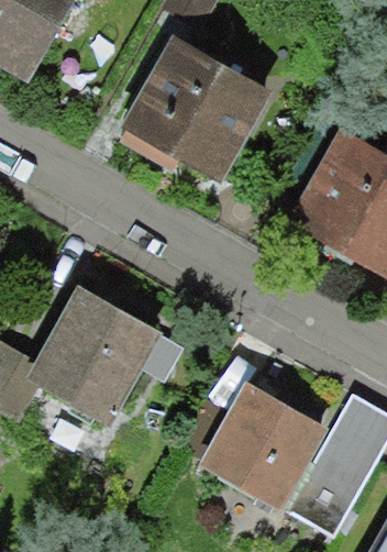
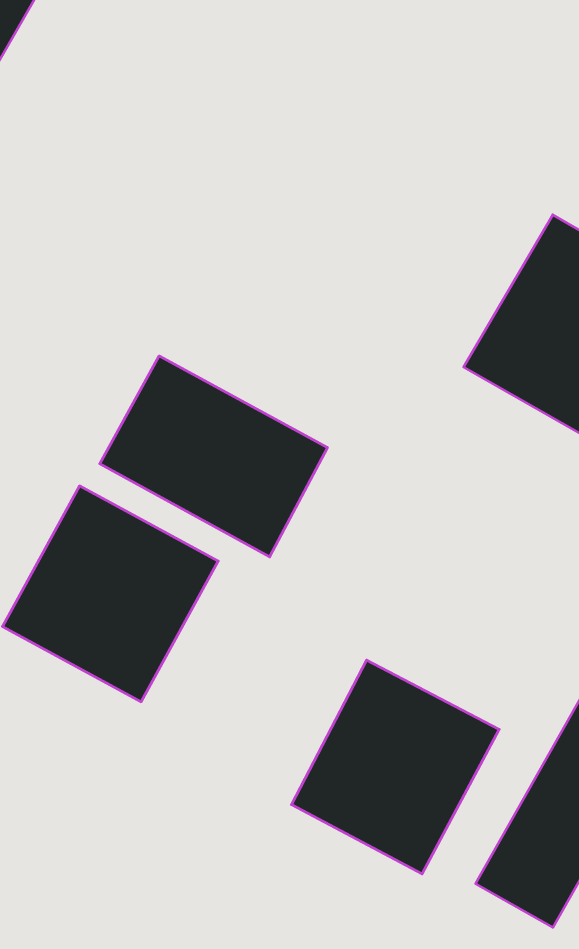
building: [122,36,265,177] -> none
building: none -> [100,356,327,557]

